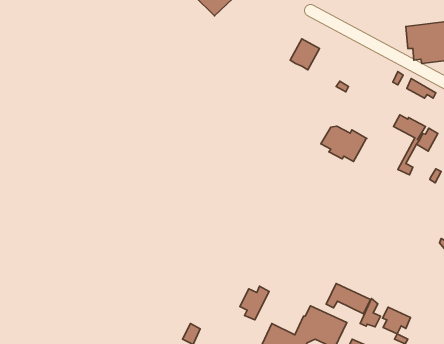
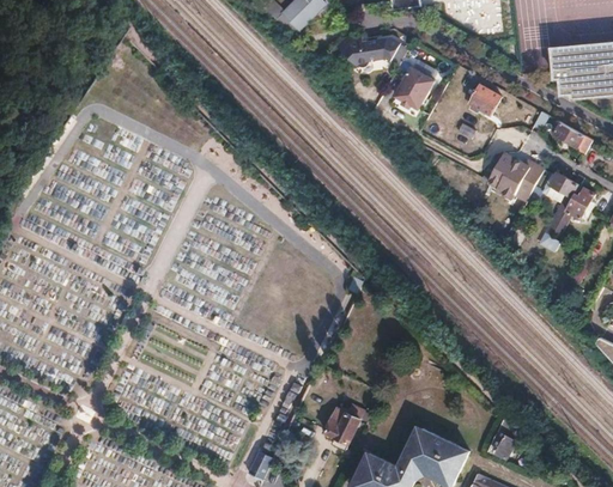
building: none -> [334,35,399,68]
building: none -> [469,85,500,116]
building: [321,126,367,162] -> [481,153,544,201]
building: [326,283,371,314] -> none
building: [383,307,410,334] -> none

